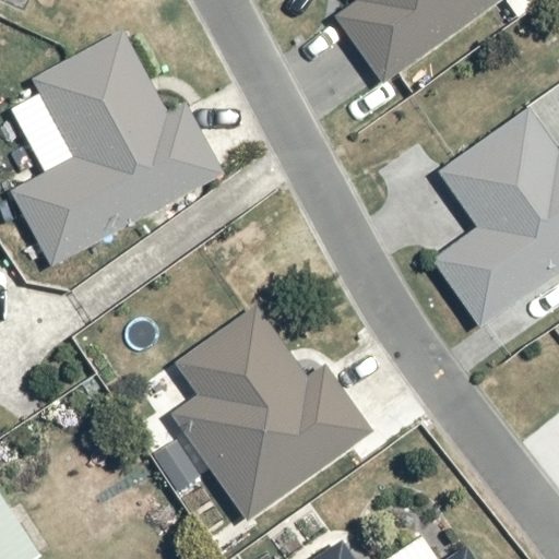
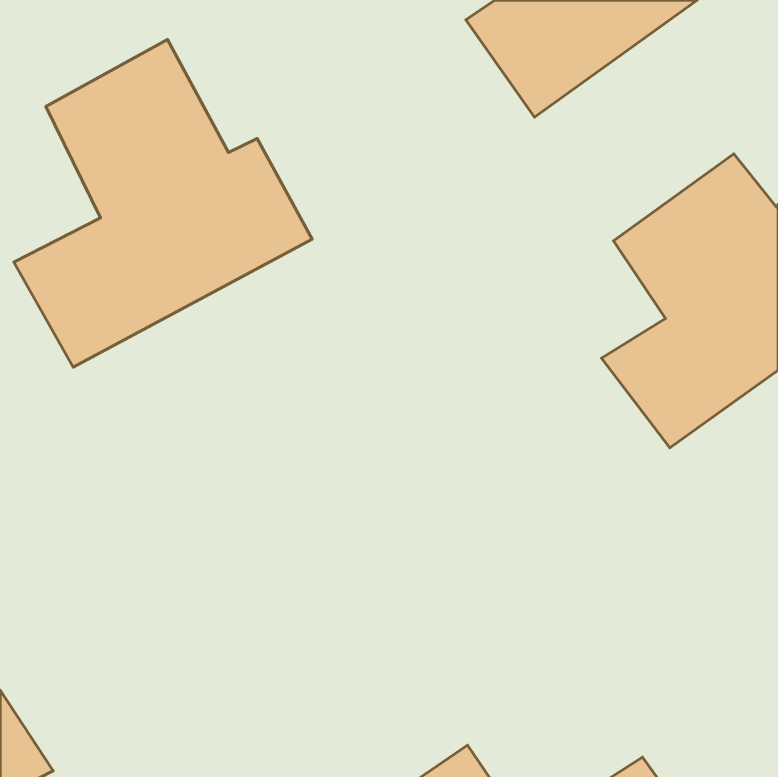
building: [170,299,377,521] -> none

